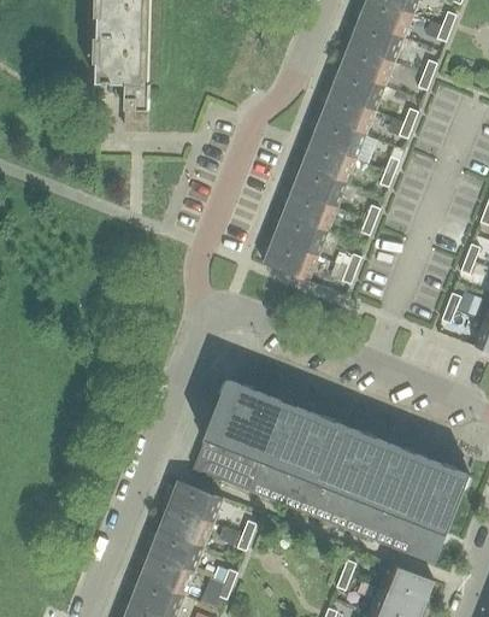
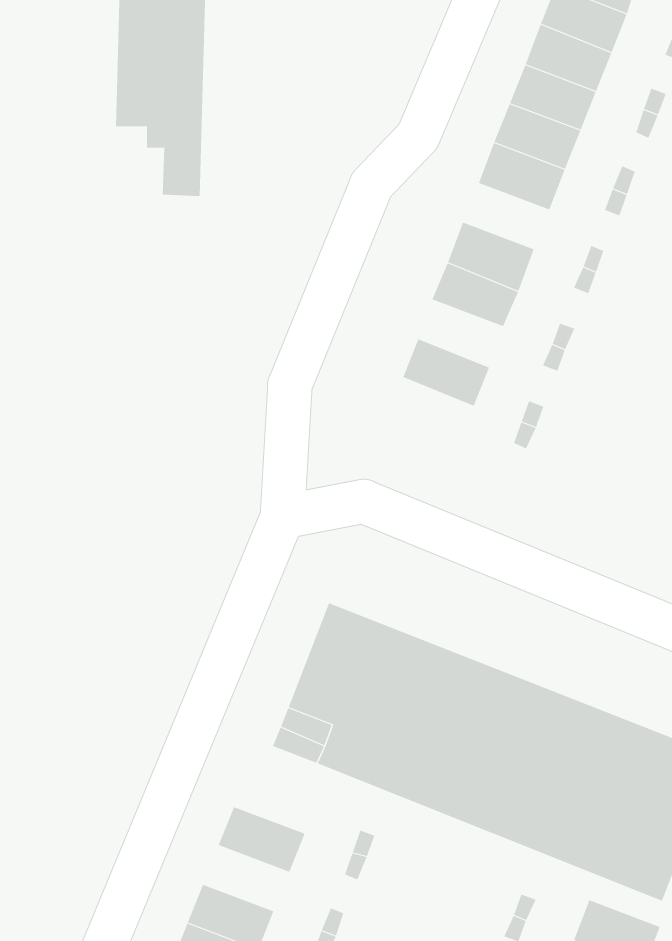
building: [310,118,364,159] -> none
building: [282,190,335,233] -> none
building: [263,239,317,281] -> none
building: [167,480,222,522] -> none
building: [148,529,202,570] -> none

